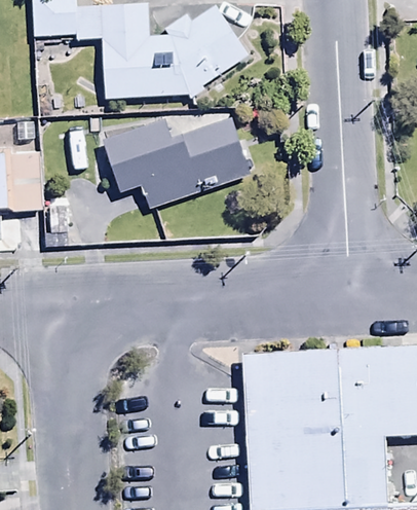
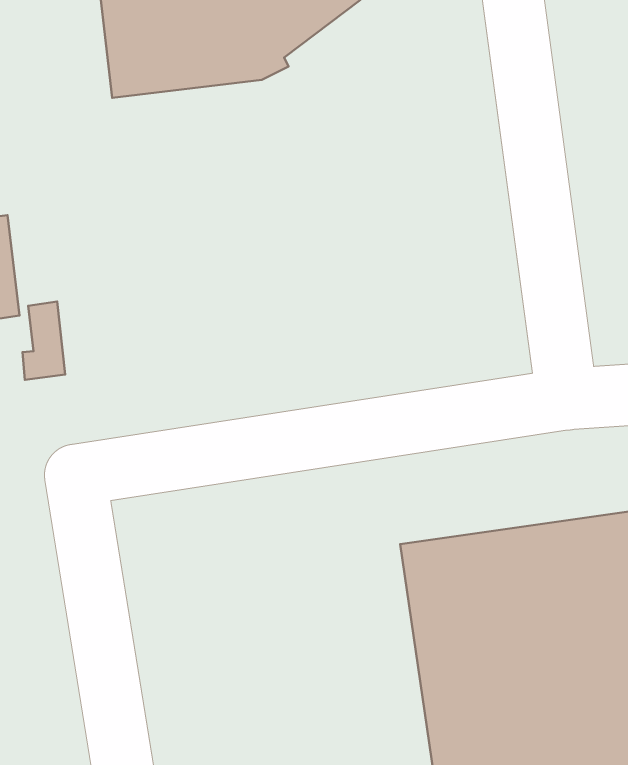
building: [103,115,260,222] -> none

